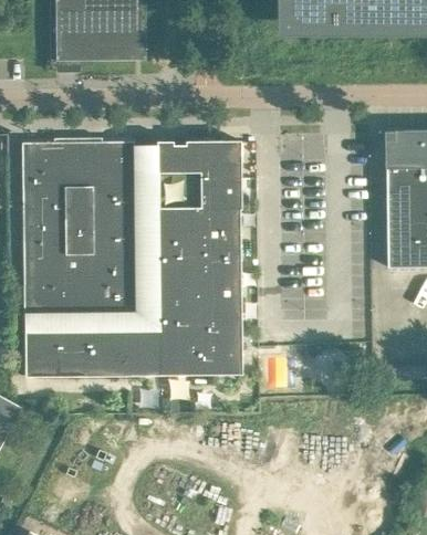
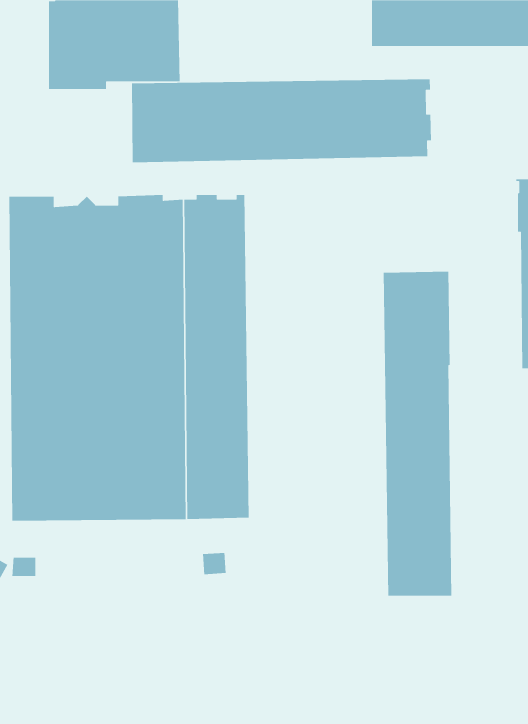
building: none -> [131,78,432,163]
building: [191,139,241,374] -> [383,271,452,596]

